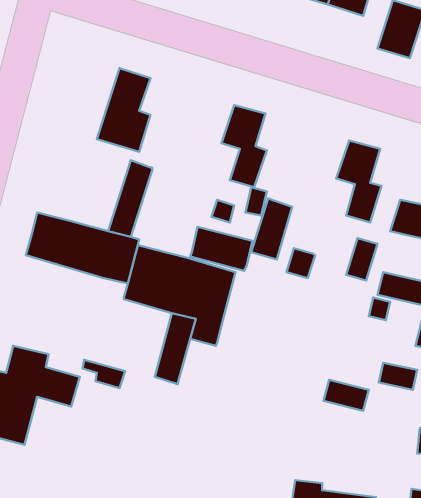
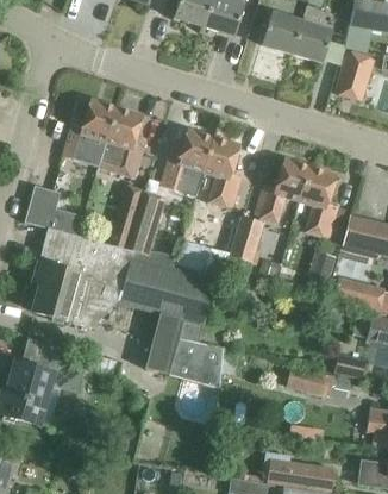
building: none -> [63,100,118,167]
building: none -> [159,130,214,192]
building: none -> [257,160,311,221]
building: none -> [25,187,83,236]
building: none -> [127,193,165,255]
building: none -> [33,264,104,327]
building: none -> [167,334,226,387]

